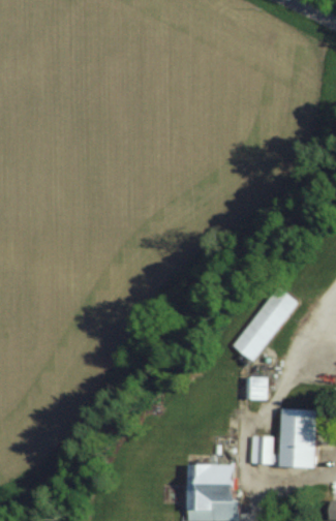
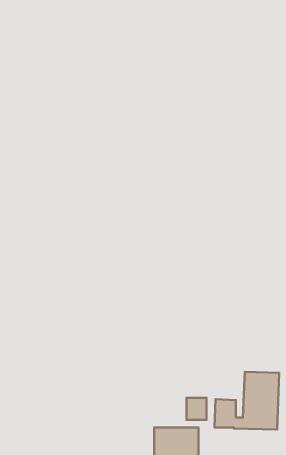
building: [232,287,299,361] -> none
building: [245,377,266,400] -> [186,398,207,420]

